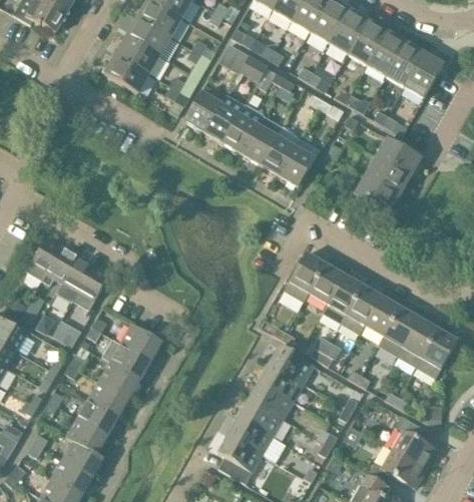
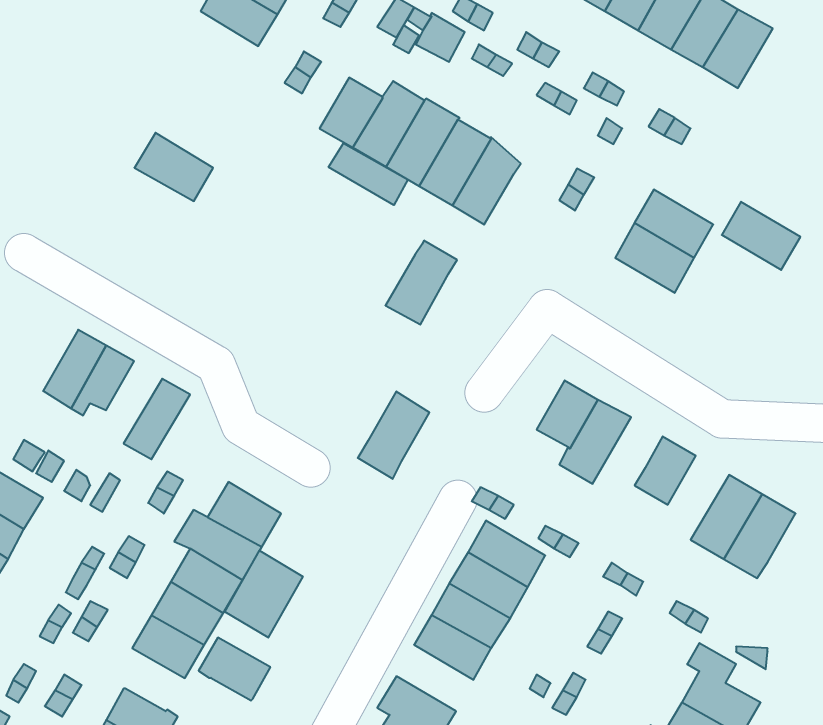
building: [104,53,149,92] -> [134,133,213,201]
building: none -> [329,143,408,205]
building: [376,136,421,175] -> [722,202,800,270]
building: [279,138,320,186] -> [385,241,457,325]
building: [284,253,325,303] -> [358,391,429,479]
building: [62,254,94,301] -> none
building: [341,286,381,335] -> none
building: [378,308,419,356] -> none
building: none -> [225,551,303,638]
building: [228,416,273,454] -> none
building: [66,418,107,454] -> [199,638,270,701]

